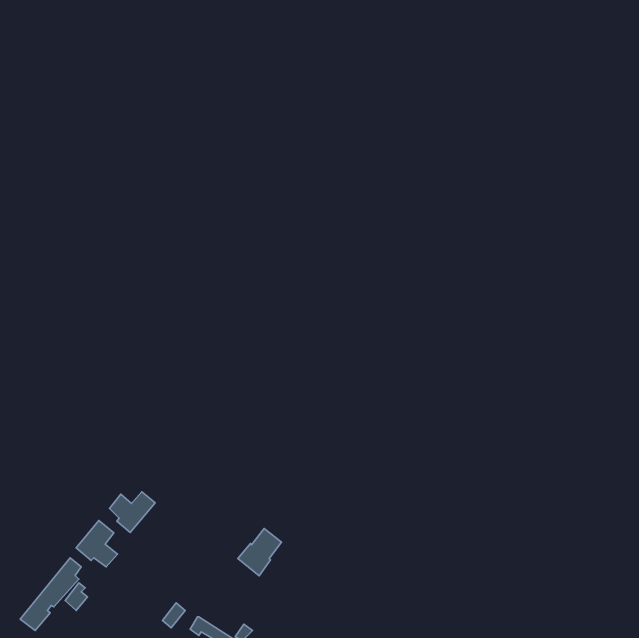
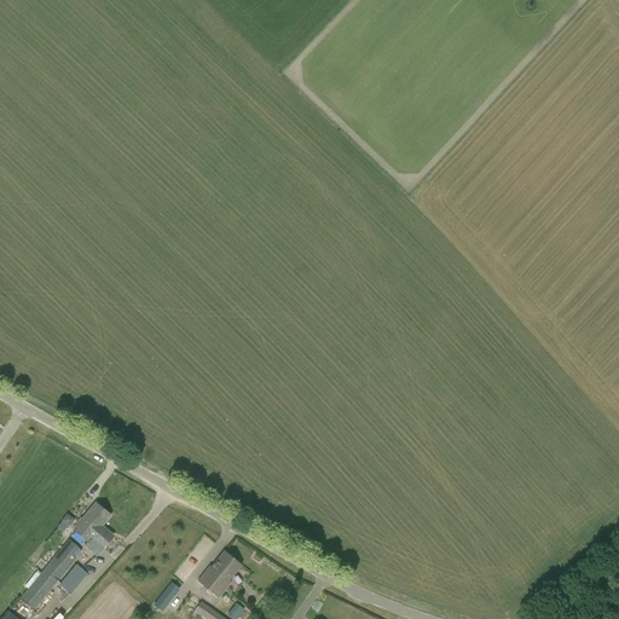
building: [110,492,155,532] -> none
building: [238,528,282,576] -> [198,553,241,598]

